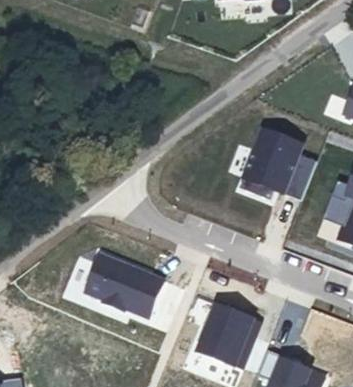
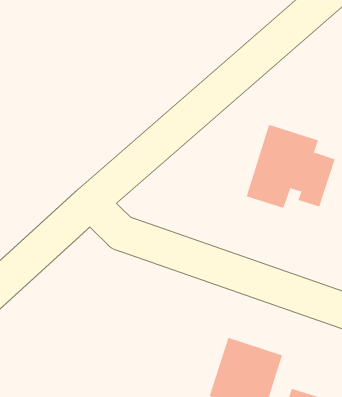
building: [84,254,164,318] -> none

